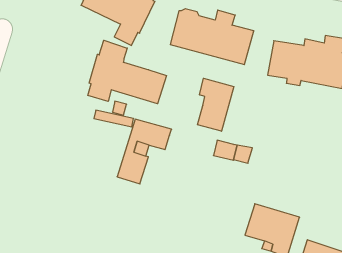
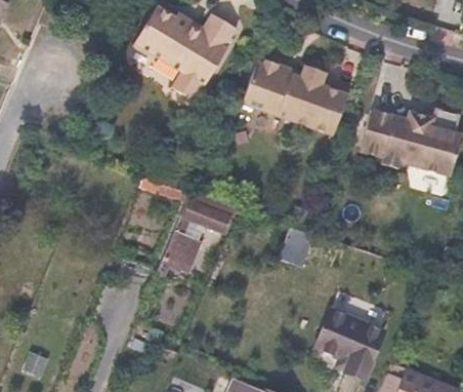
building: [88,40,167,104] -> none
building: [197,78,234,131] -> none

